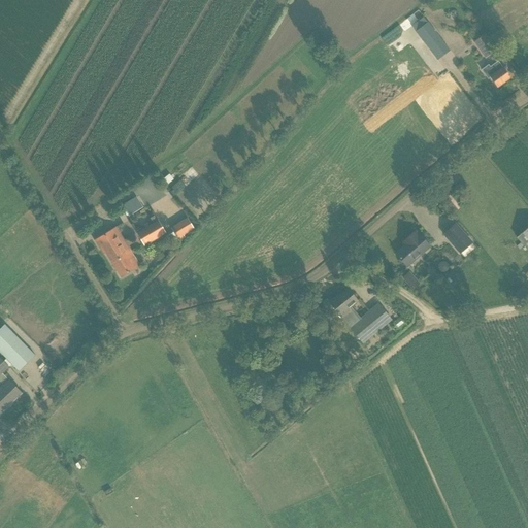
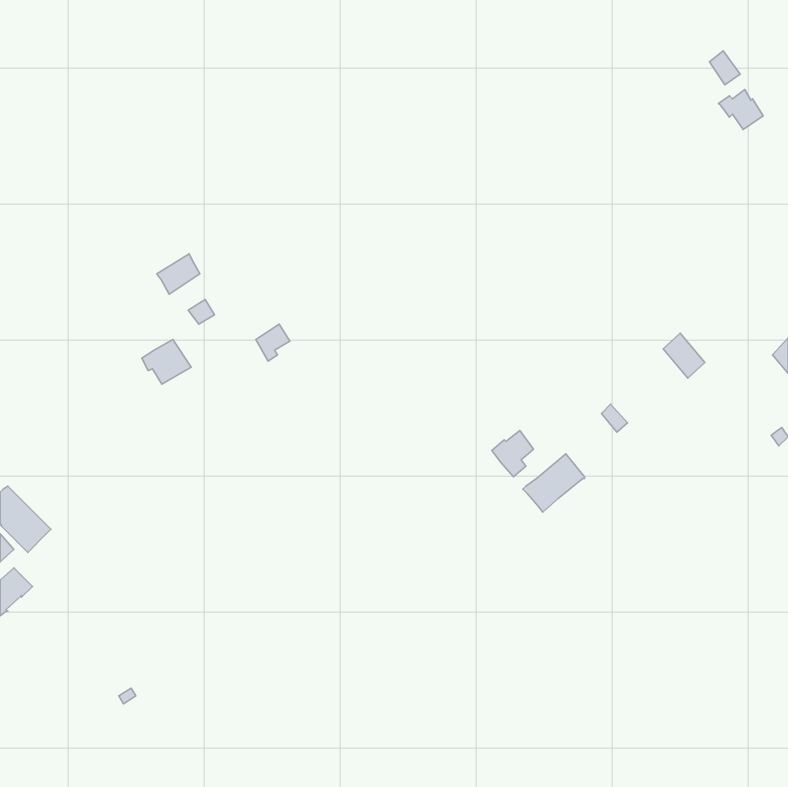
building: [416,22,450,59] -> none
building: [136,219,165,245] -> [157,254,200,294]
building: [396,231,430,265] -> none
building: [108,245,139,276] -> none

